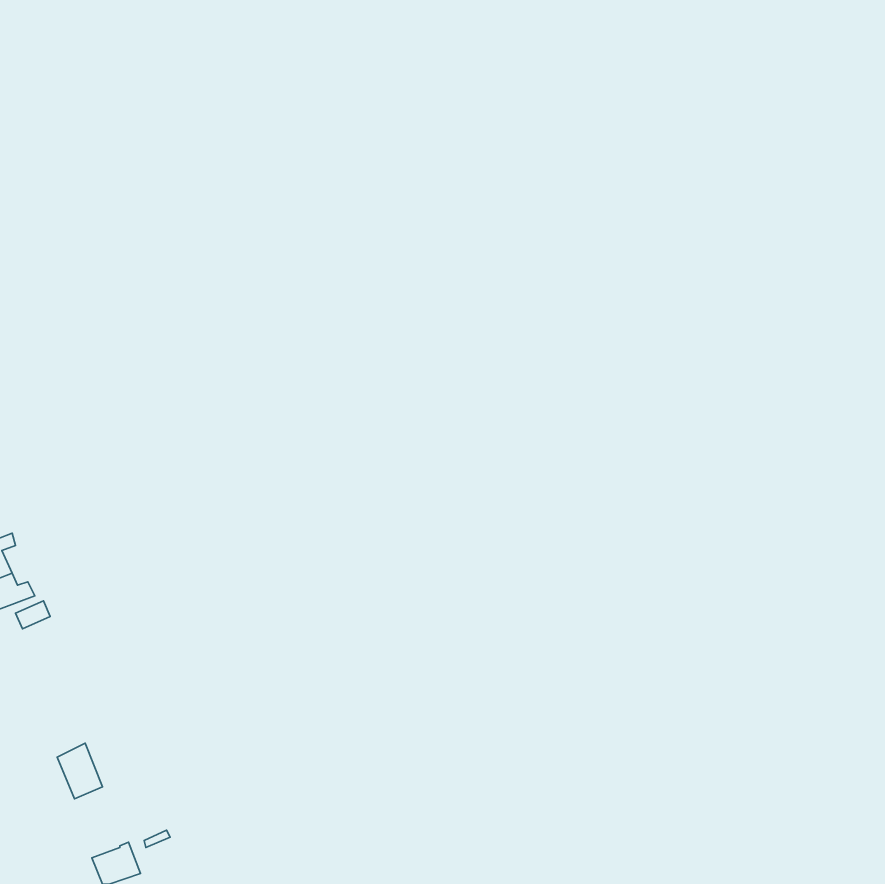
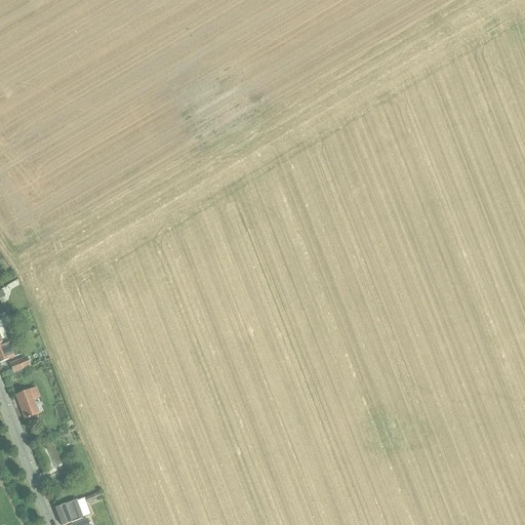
building: none -> [15,386,39,417]

